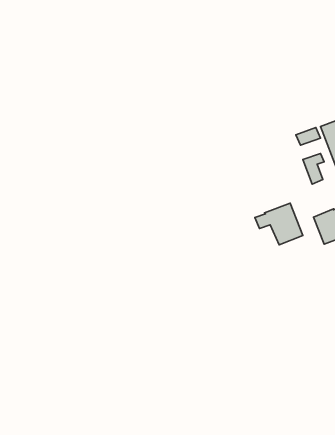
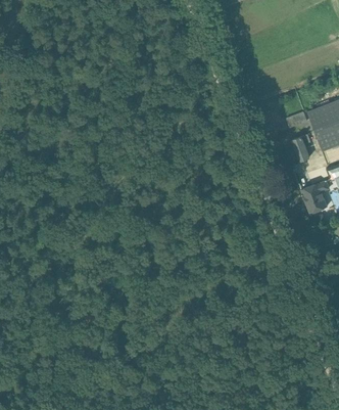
building: [255,203,303,245] -> none

